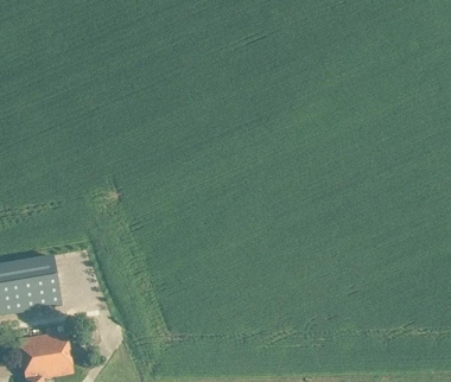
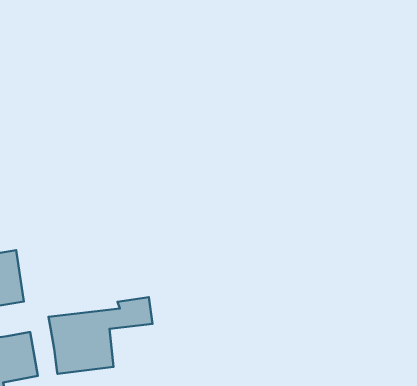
building: none -> [49,297,153,374]

